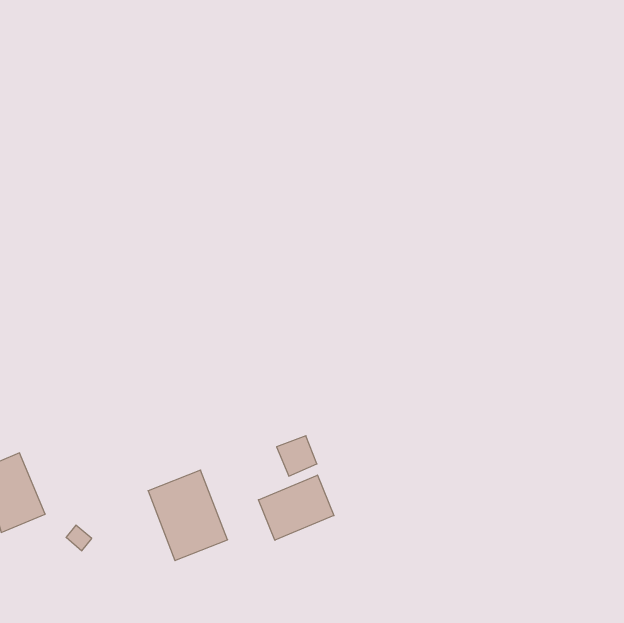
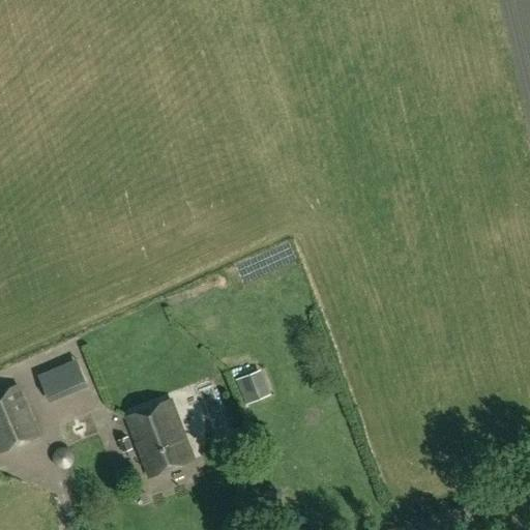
building: none -> [38,358,88,402]
building: [258,475,334,540] -> none

